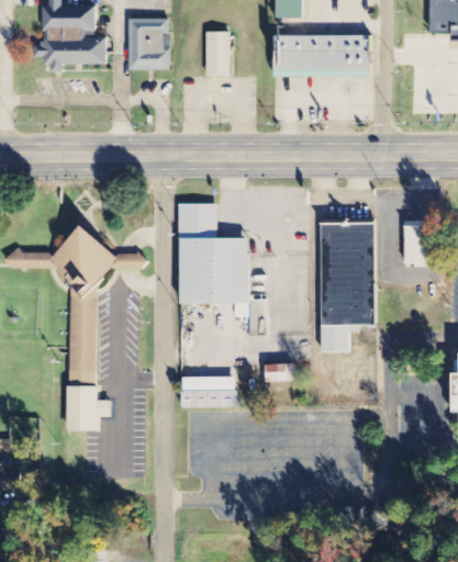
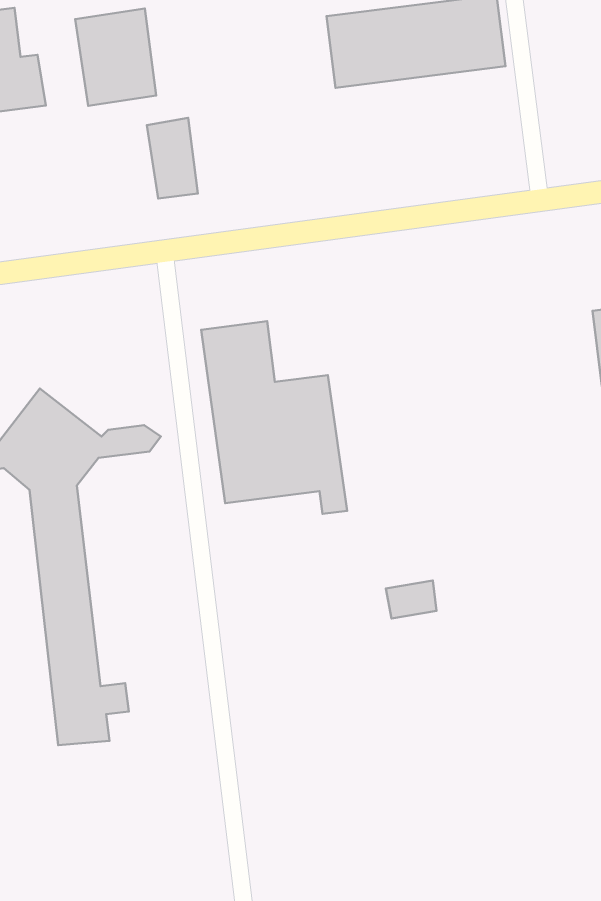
building: [204,31,228,75] -> [147,118,198,199]
building: [320,222,375,352] -> none
building: [180,376,235,408] -> none

